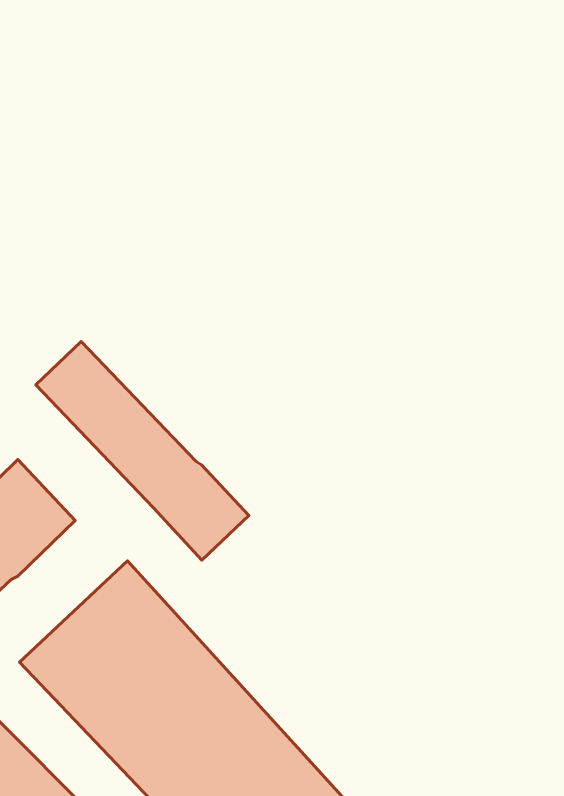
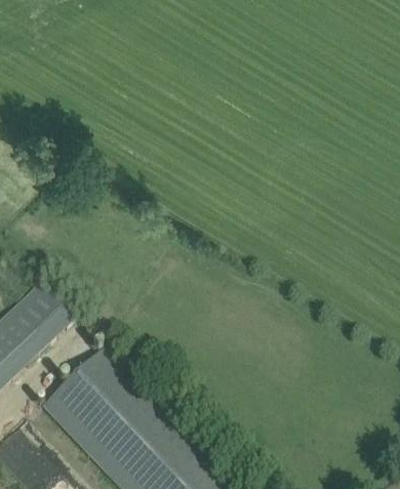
building: [36,341,249,560] -> none

